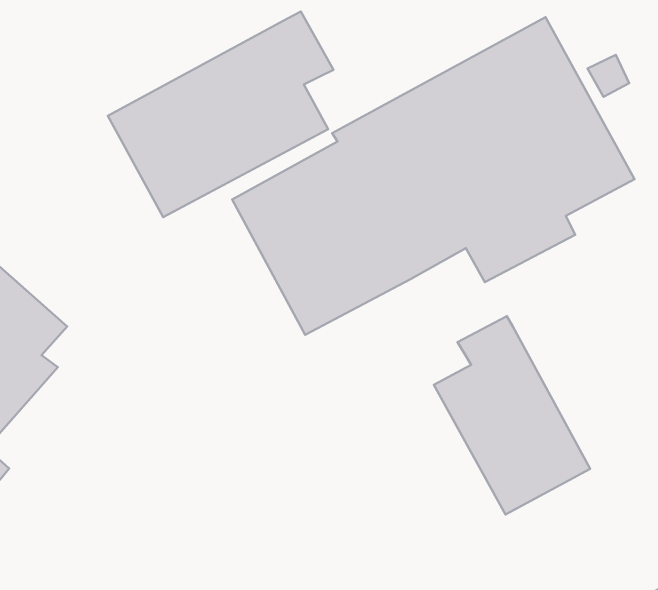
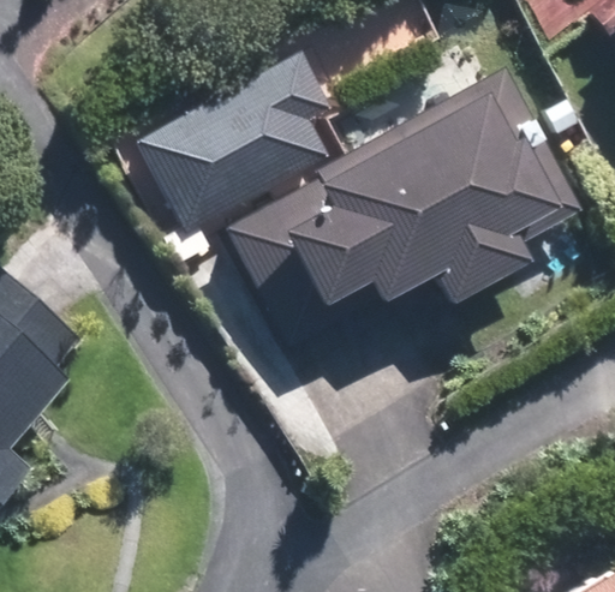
building: [434,316,590,515] -> none

